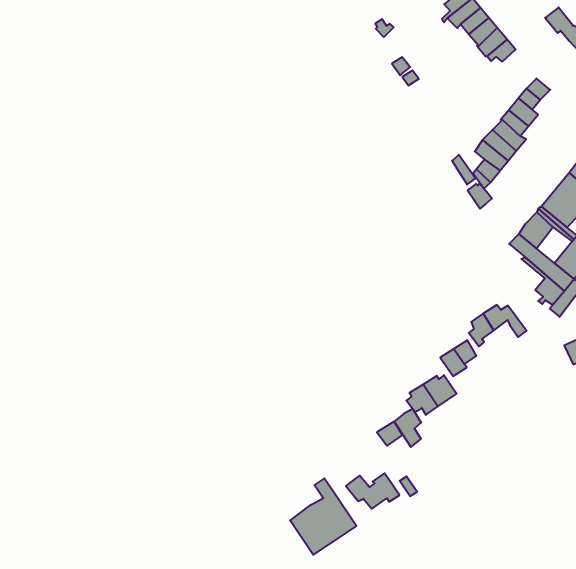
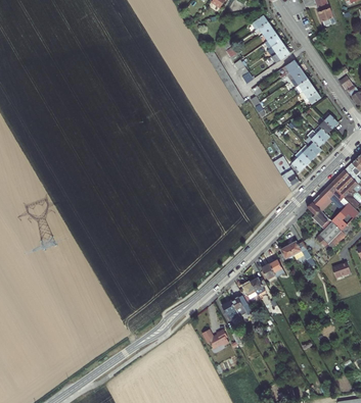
building: [290,478,356,555] -> none

